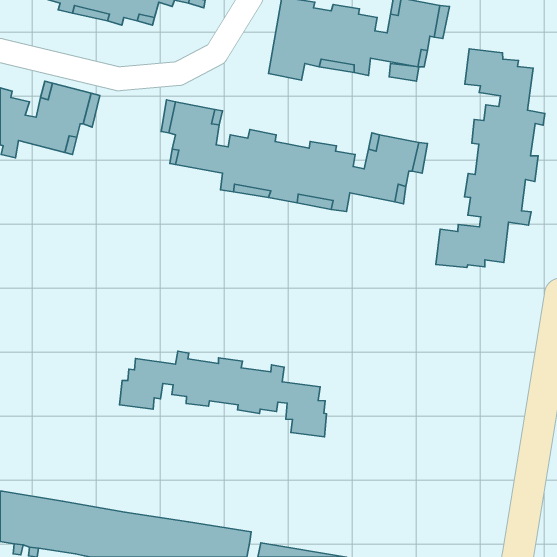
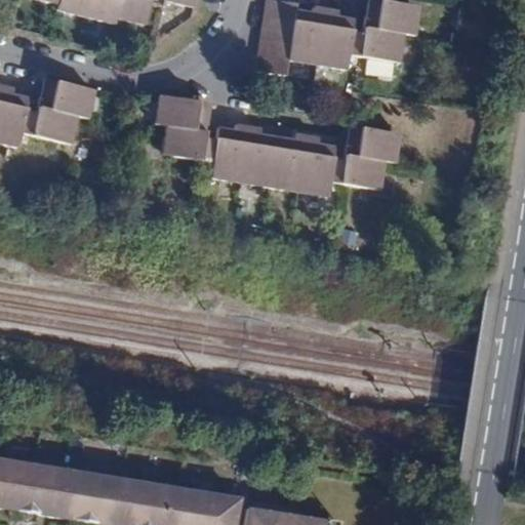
building: [436,49,545,268] -> none
building: [120,351,326,437] -> none

